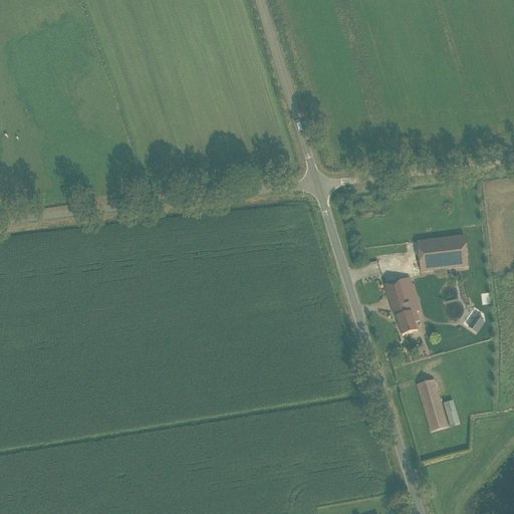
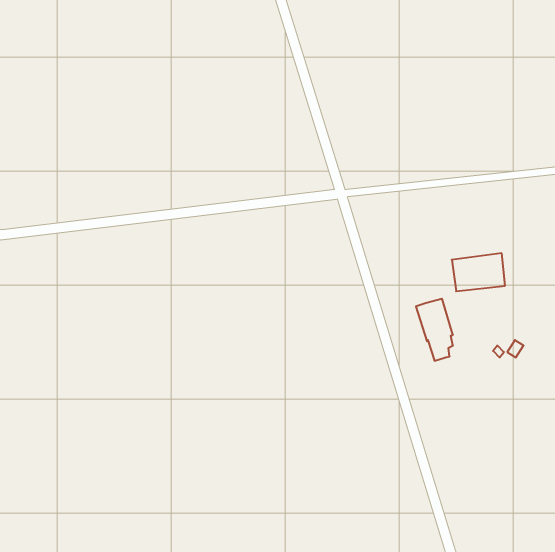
building: [417,377,448,430] -> none

